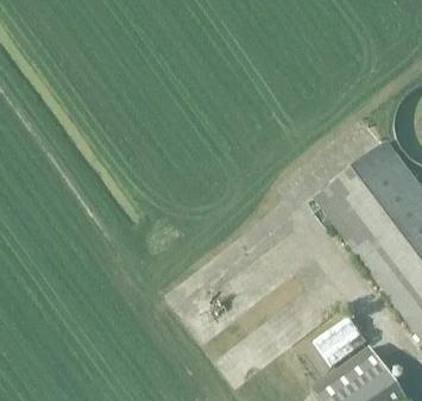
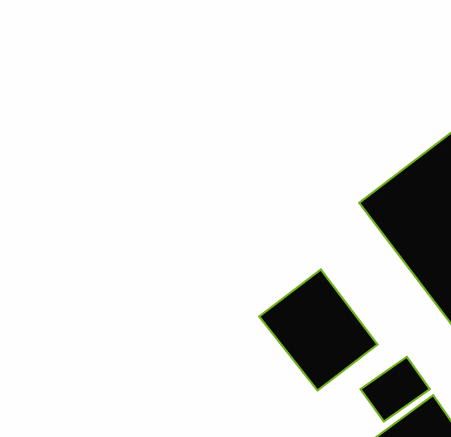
building: none -> [259,270,377,391]

